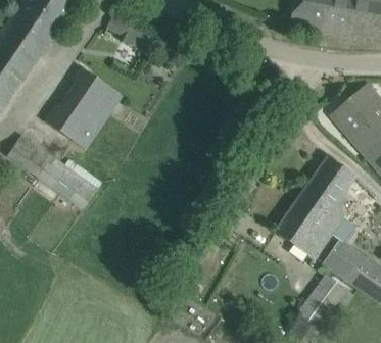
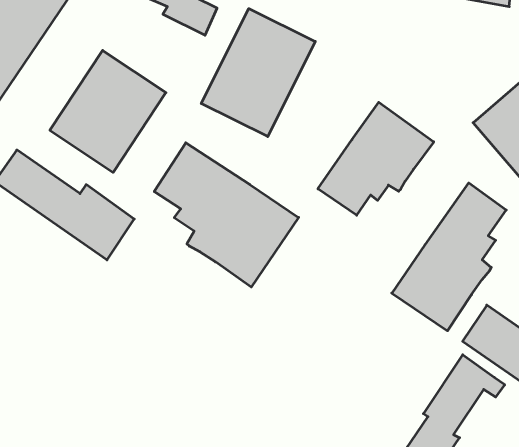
building: none -> [201,9,315,137]
building: none -> [318,102,434,215]
building: none -> [154,143,299,287]

